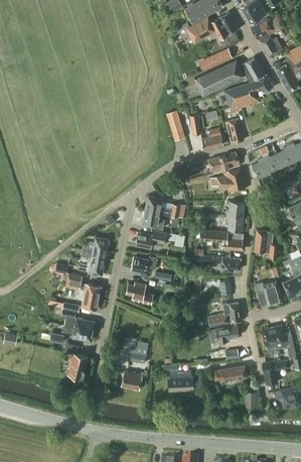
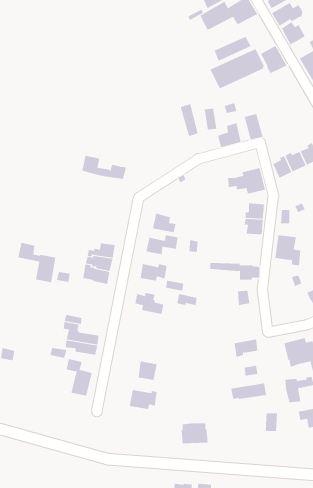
building: [223,75,273,109] -> none
building: [208,151,240,172] -> none
building: [145,196,186,218] -> [82,155,127,180]
building: [199,230,244,250] -> none
building: [65,272,101,310] -> [17,242,56,283]
building: [255,280,282,306] -> none
building: [208,303,241,327] -> none
building: [168,371,193,390] -> [181,423,208,444]

